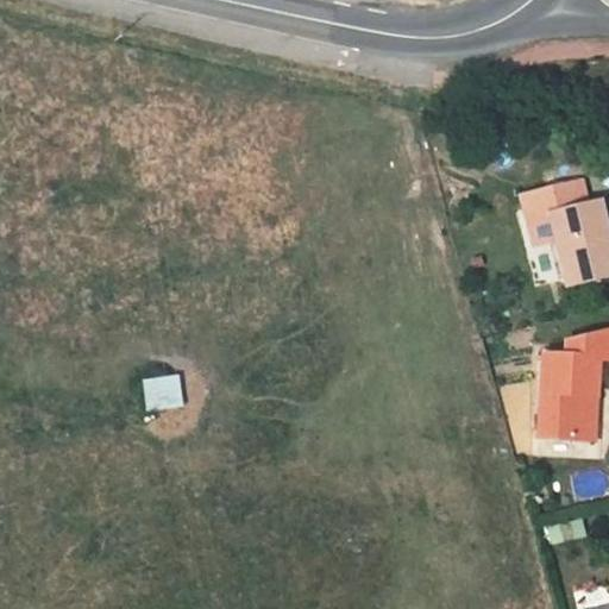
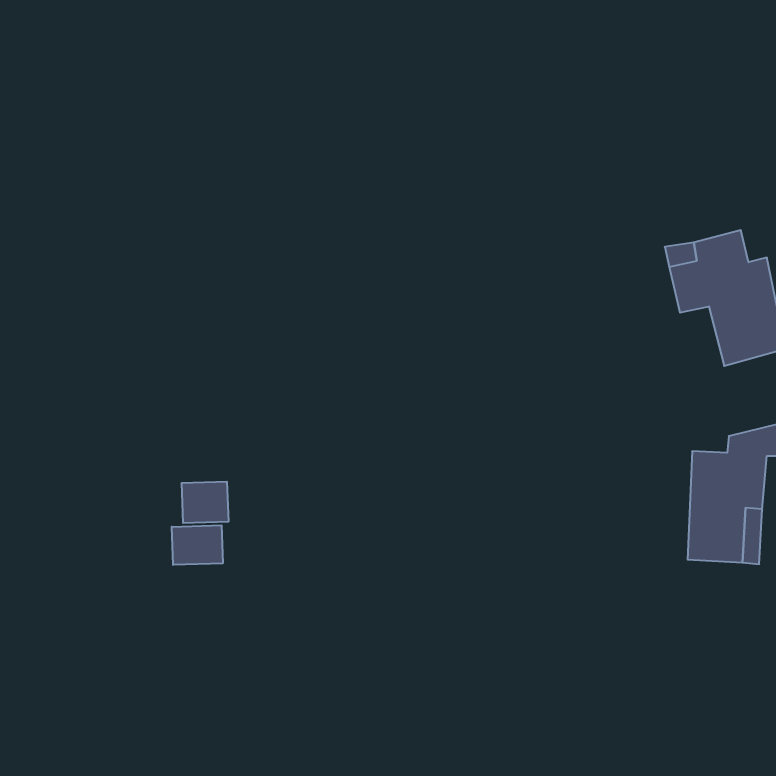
building: none -> [172,525,223,565]

